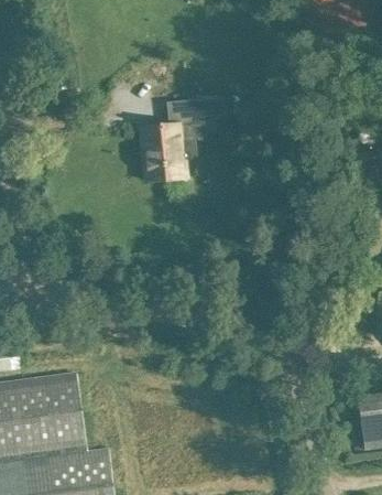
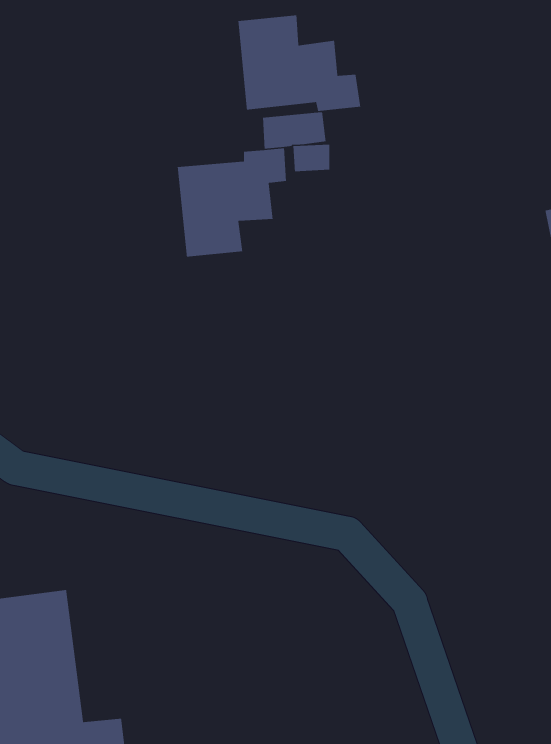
building: none -> [238,15,361,112]

